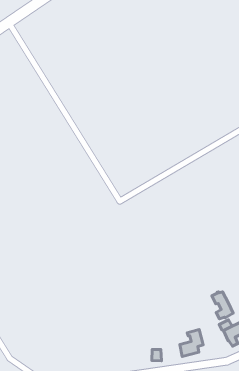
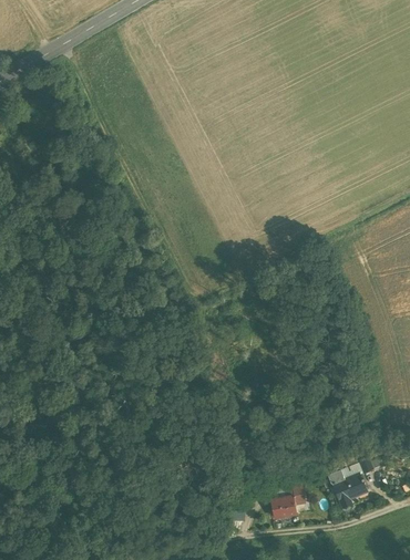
building: [212,292,233,319] -> none

